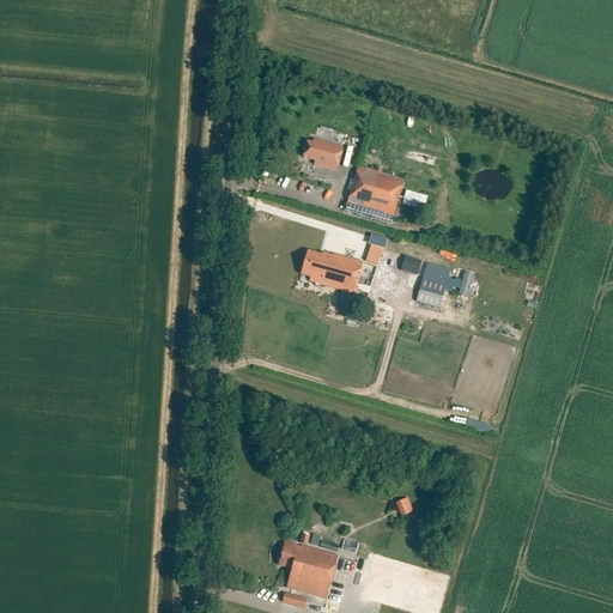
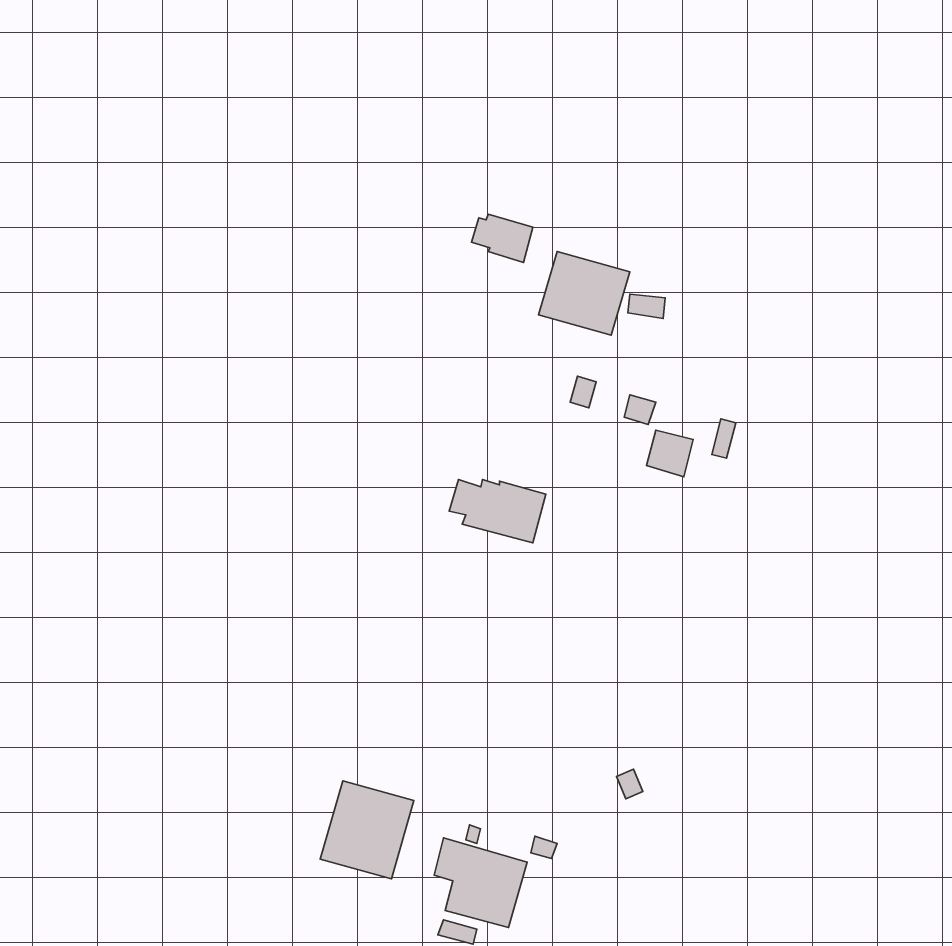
building: [301,250,363,291] -> [449,479,546,543]
building: none -> [320,781,414,879]

